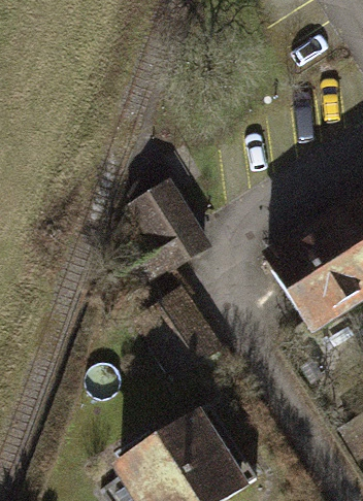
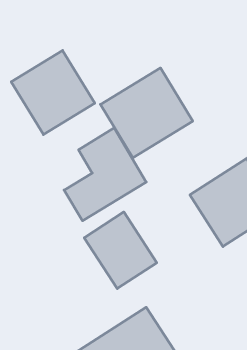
building: none -> [11,50,95,135]
building: none -> [100,68,193,158]

